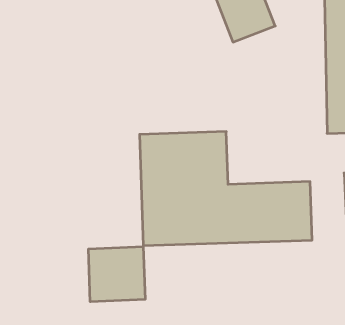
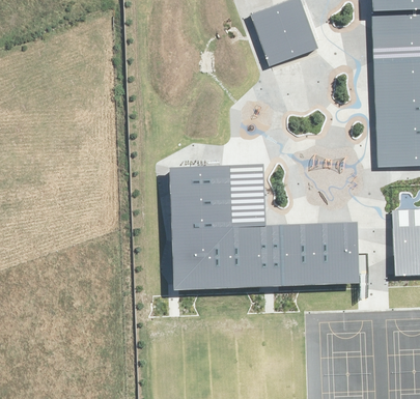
building: [89,246,145,302] -> none

